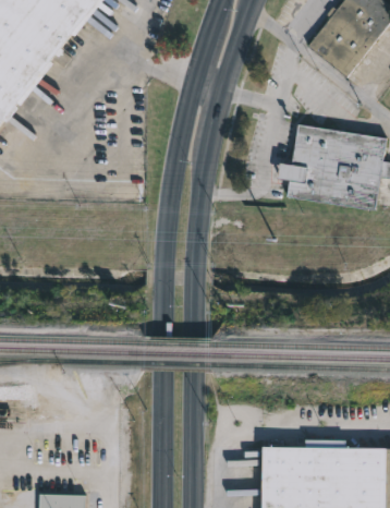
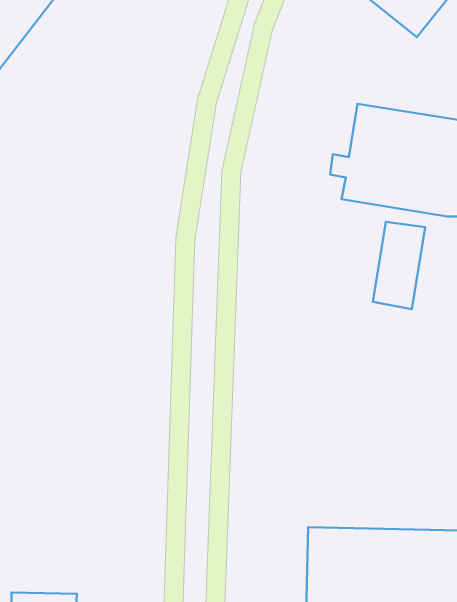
building: none -> [373,222,425,309]

